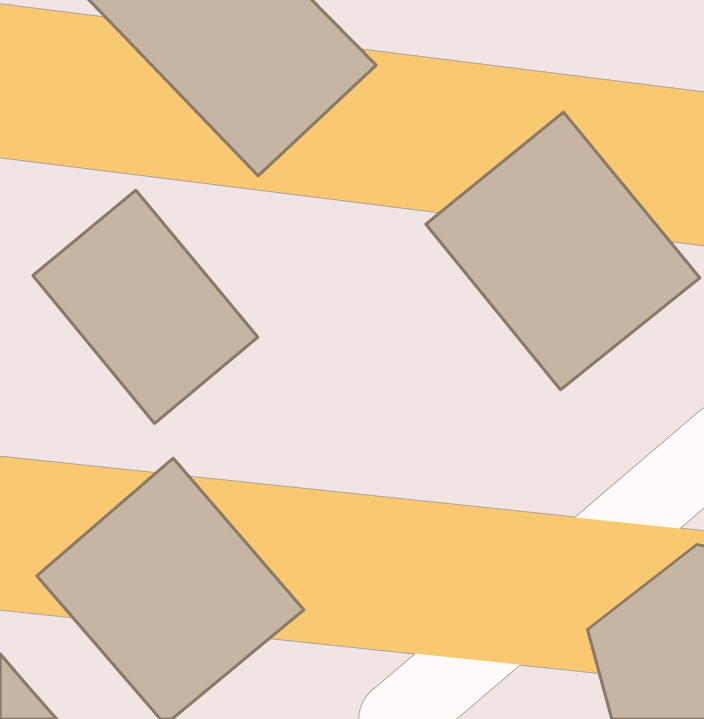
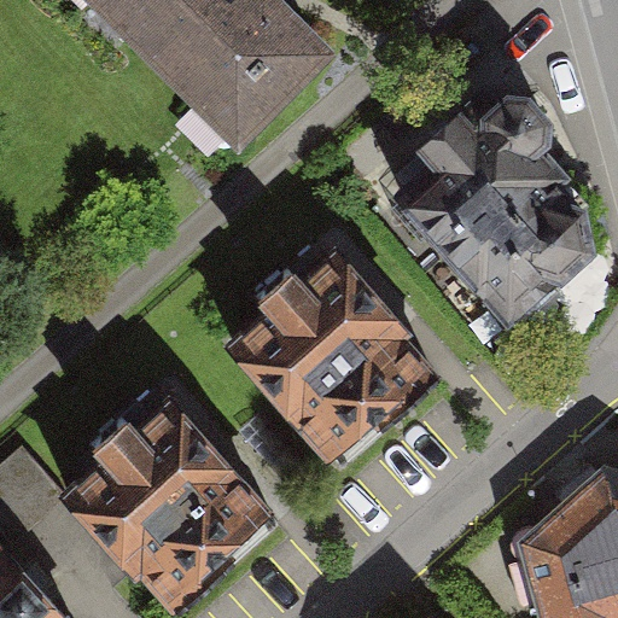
building: [33,190,258,424] -> none
building: none -> [218,246,437,467]

